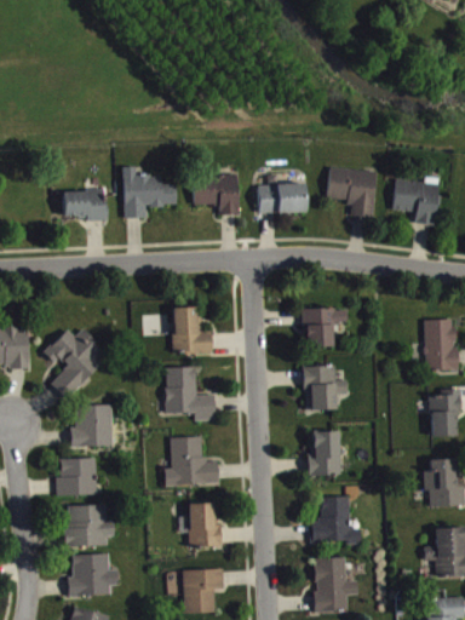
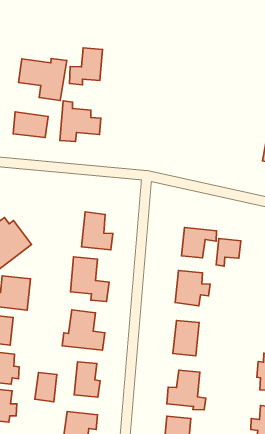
building: none -> [70,48,103,85]
building: none -> [19,58,67,100]
building: [327,168,375,217] -> none
building: [193,174,237,214] -> none
building: [258,183,304,213] -> none
building: none -> [216,239,241,266]
building: none -> [35,373,57,402]

